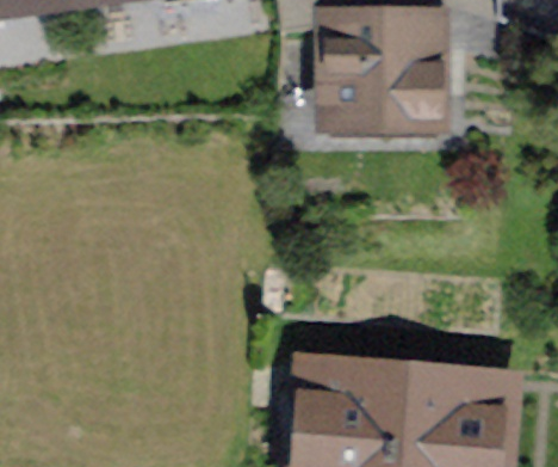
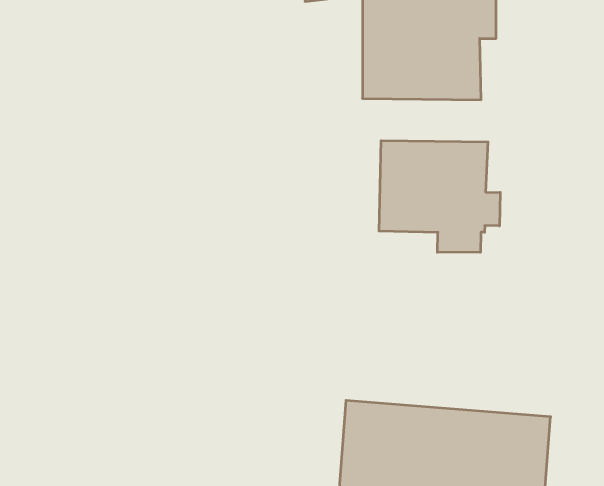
building: none -> [379,141,500,252]

